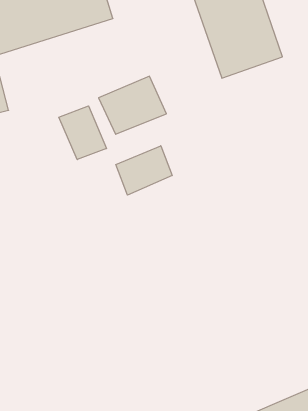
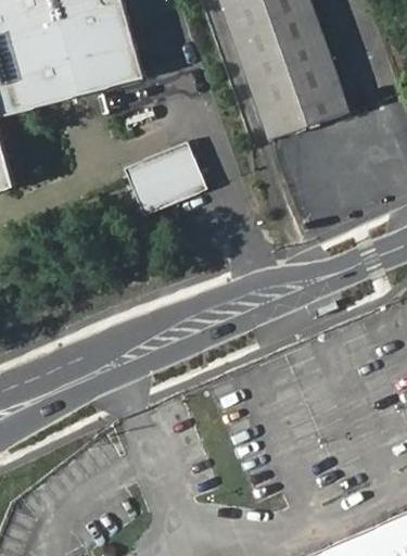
building: [59,106,106,160] -> none
building: [116,146,172,195] -> none

